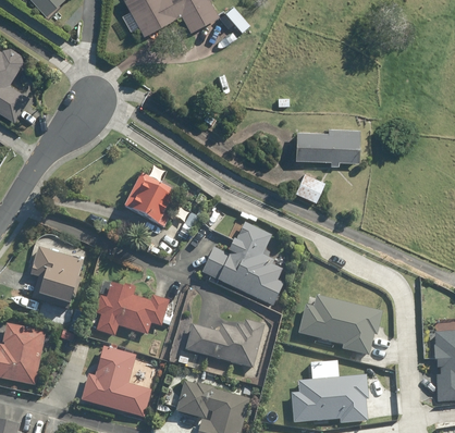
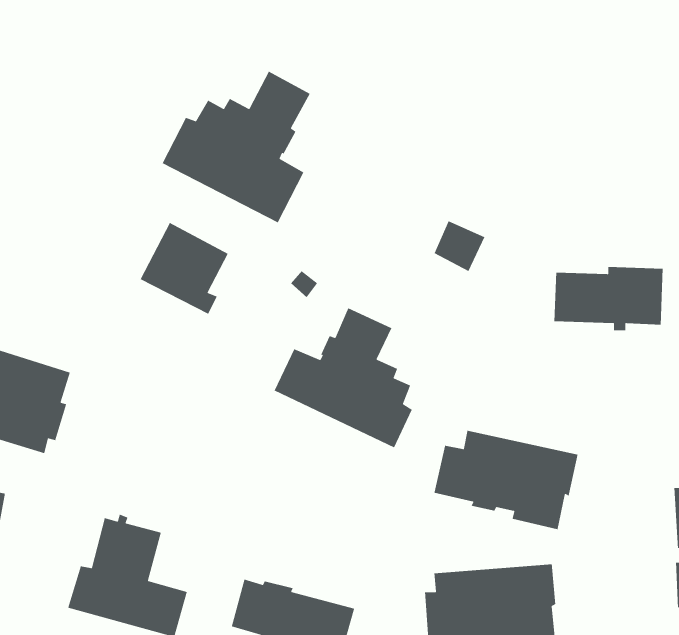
building: none -> [161,71,311,223]
building: [296,127,360,165] -> [554,266,663,331]
building: [95,283,172,336] -> none
building: [184,320,265,368] -> none

